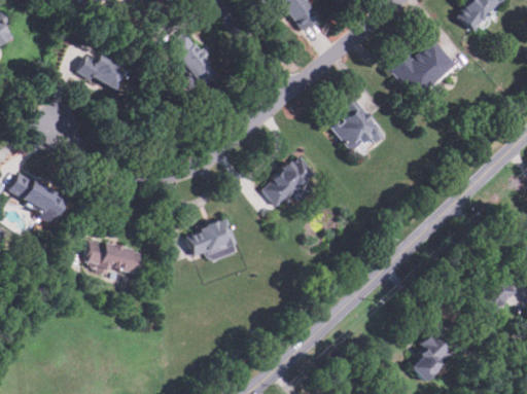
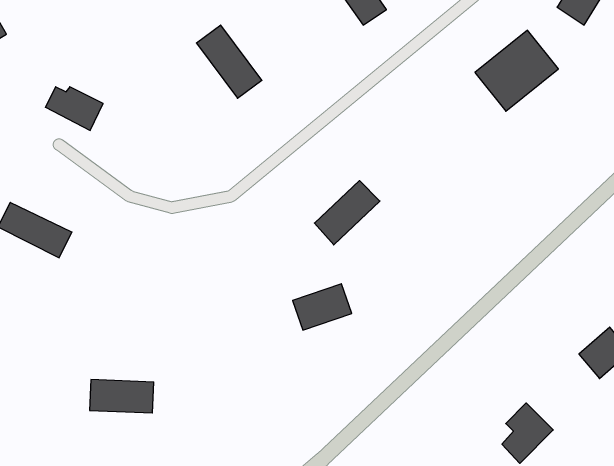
building: [77,55,124,89] -> [45,87,103,130]
building: [329,101,386,157] -> none
building: [186,219,234,256] -> [293,284,352,330]
building: [87,244,139,271] -> [90,380,154,413]

